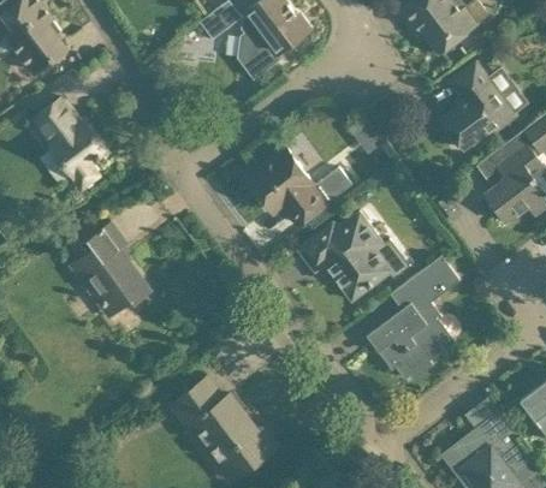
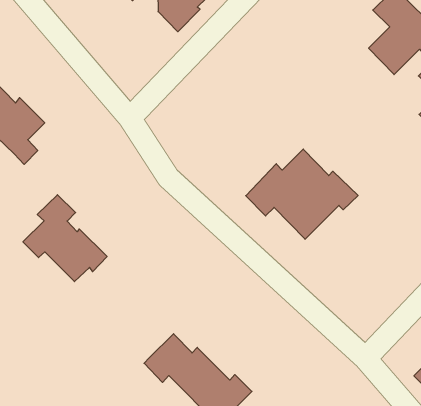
building: [248,150,351,225] -> none
building: [366,256,458,377] -> none

